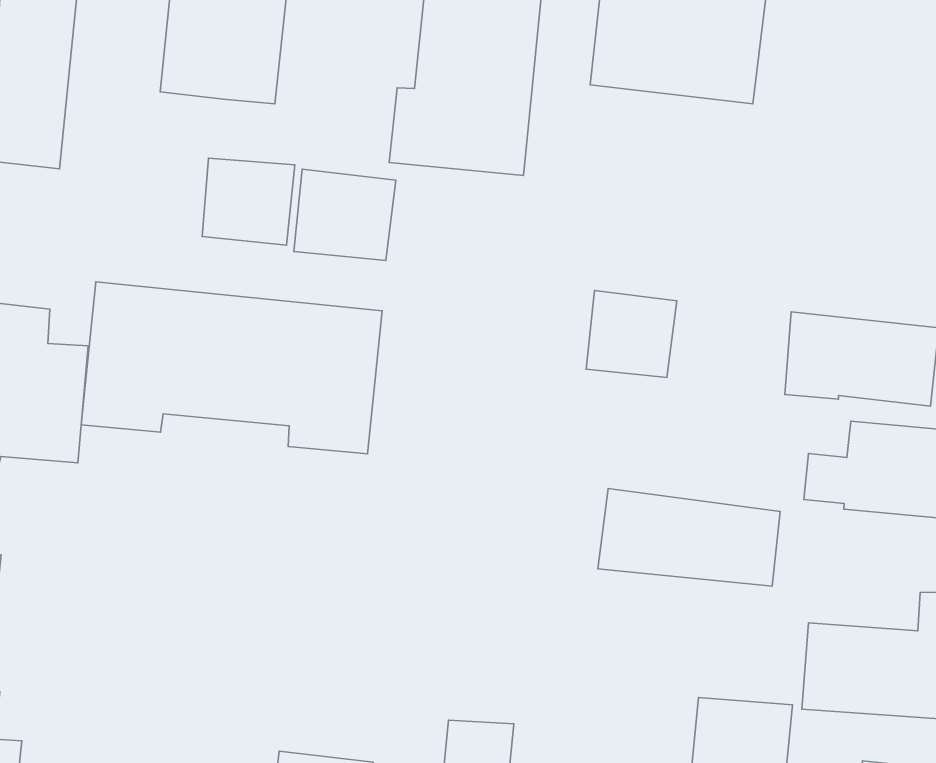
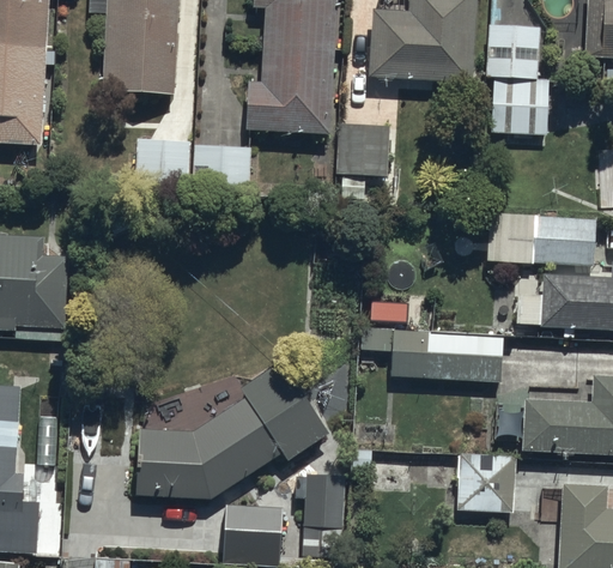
building: none -> [484,24,550,133]
building: [81,282,382,454] -> none
building: [586,291,677,377] -> [336,121,390,173]
building: none -> [135,363,324,497]

